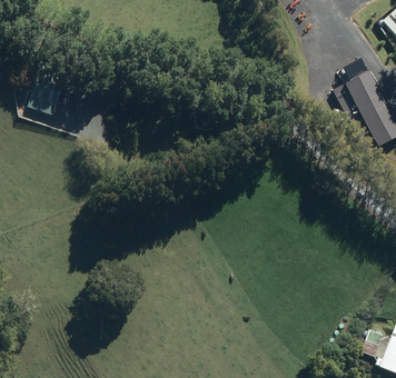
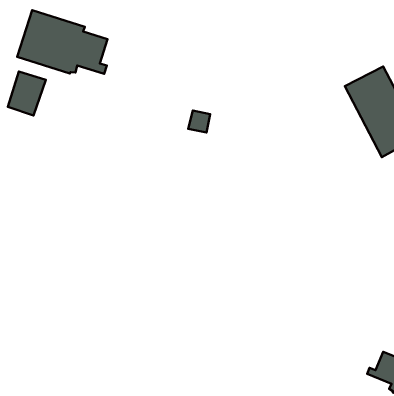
building: none -> [17,10,107,74]

